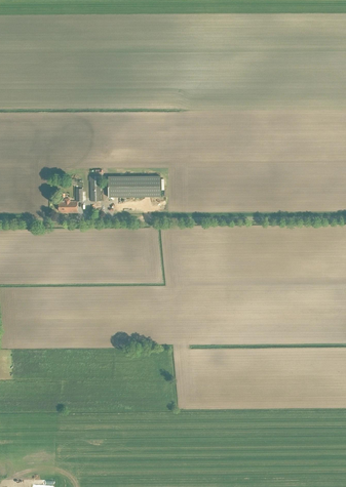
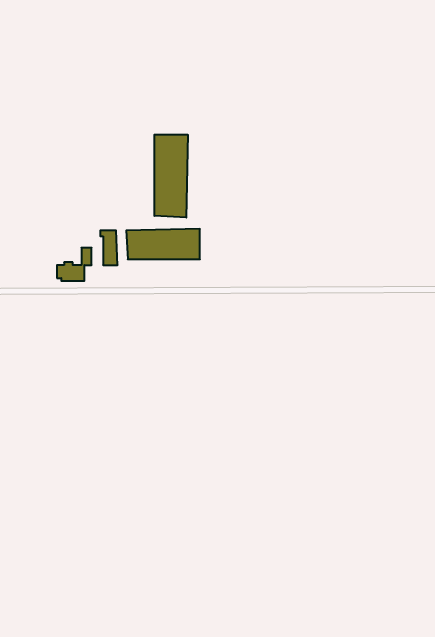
building: none -> [154,135,188,218]

